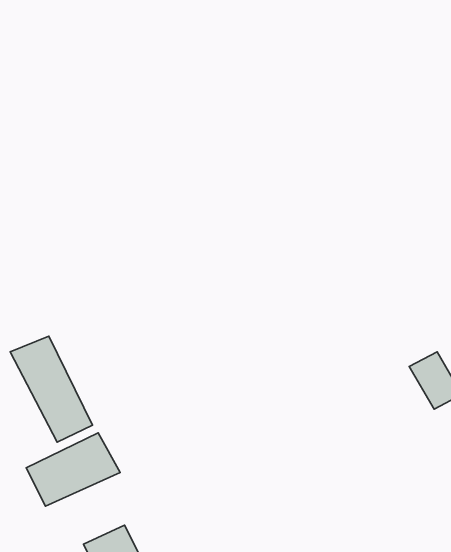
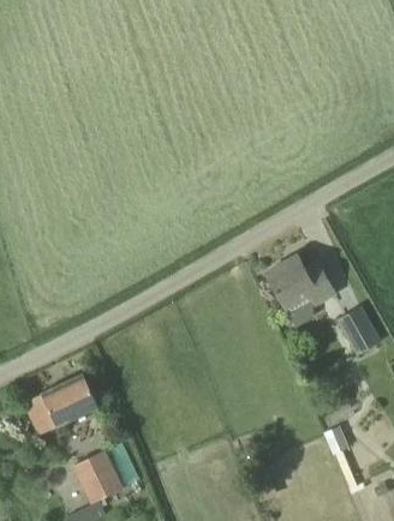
building: none -> [265,257,335,311]
building: [10,336,93,442] -> none

